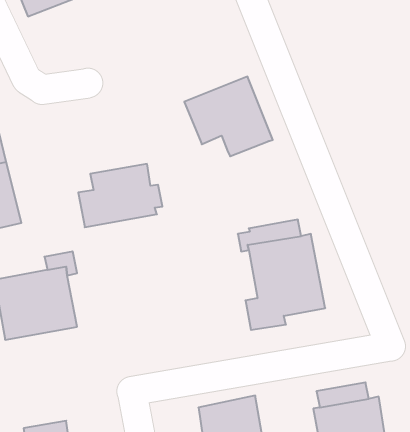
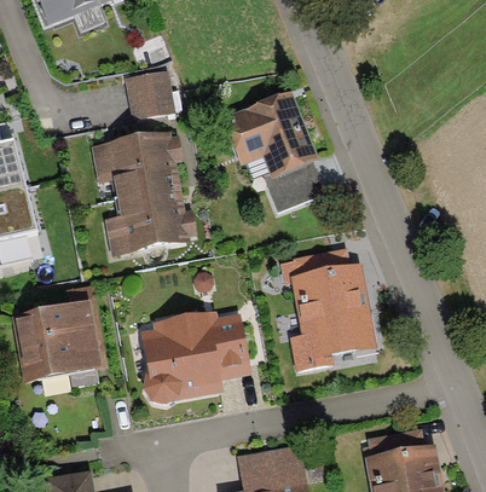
building: none -> [123,71,173,120]
building: none -> [89,132,183,198]
building: none -> [262,162,325,212]
building: none -> [139,312,250,407]

